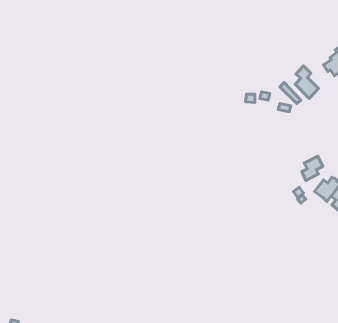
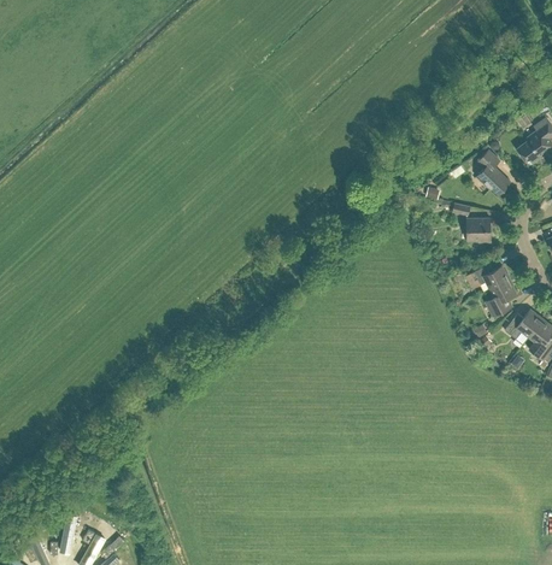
building: none -> [466,218,491,242]
building: none -> [471,264,509,289]

